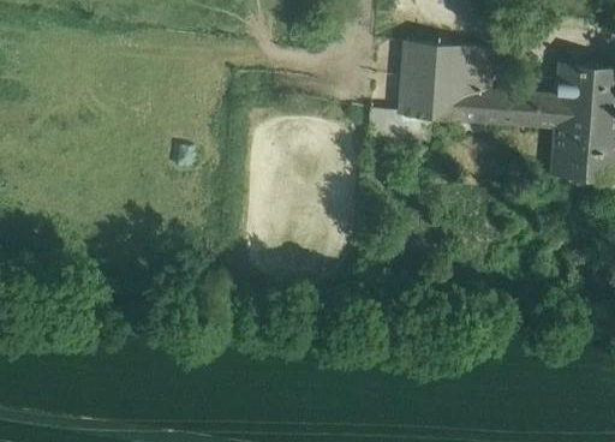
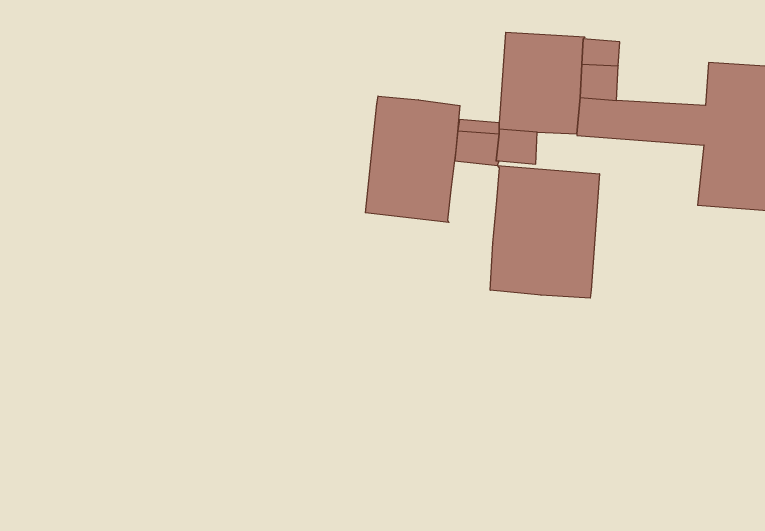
building: none -> [365,96,460,222]
building: none -> [490,166,599,298]

